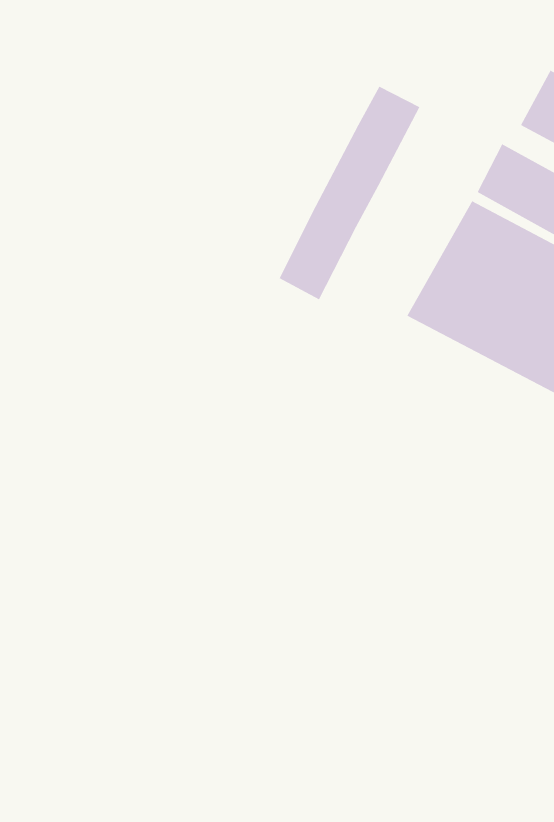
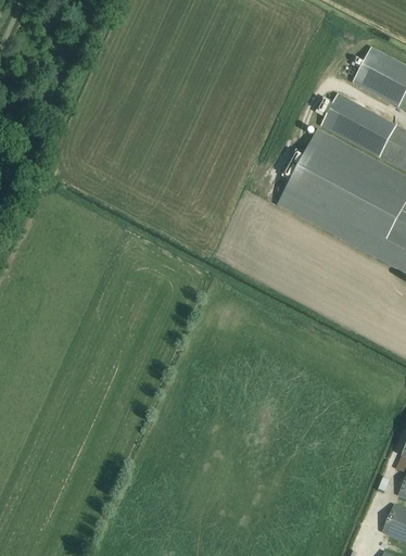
building: [279,86,420,300] -> none

